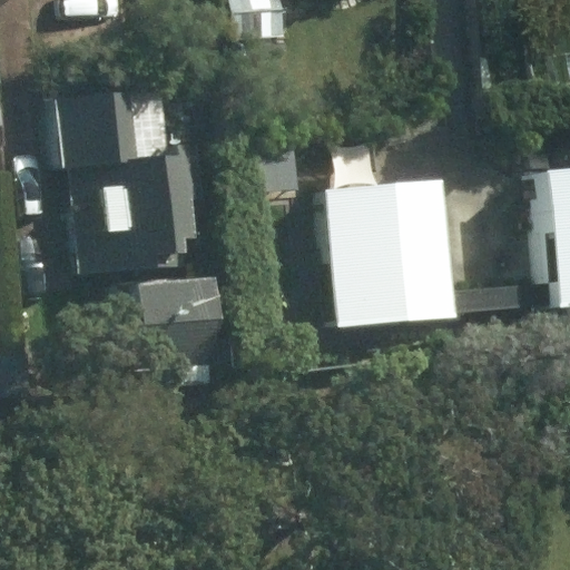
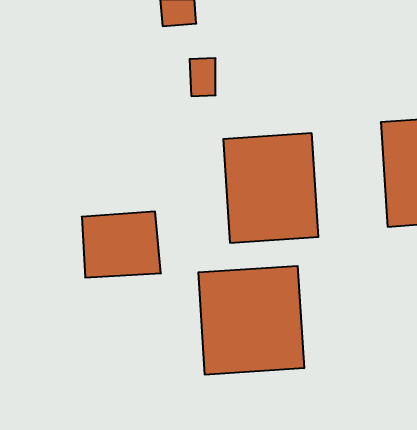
building: [68,95,218,277] -> none
building: none -> [198,266,304,375]

